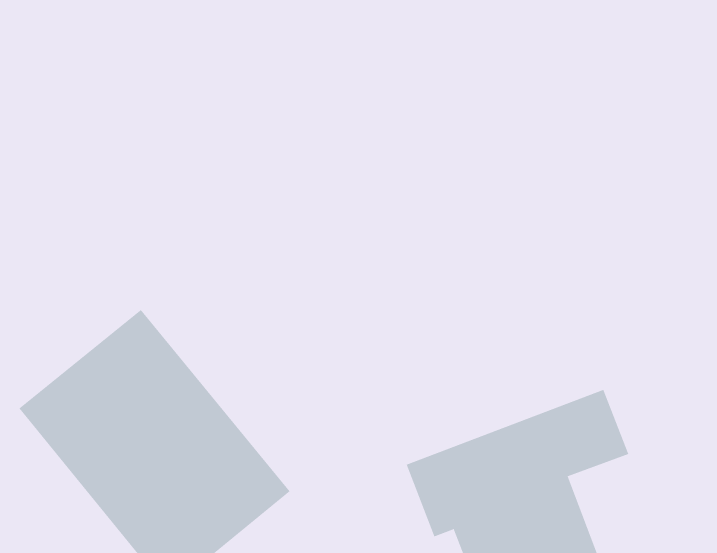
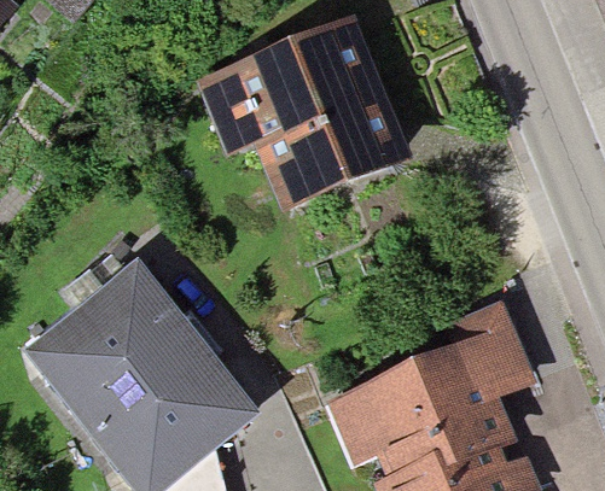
building: none -> [215,34,401,224]

